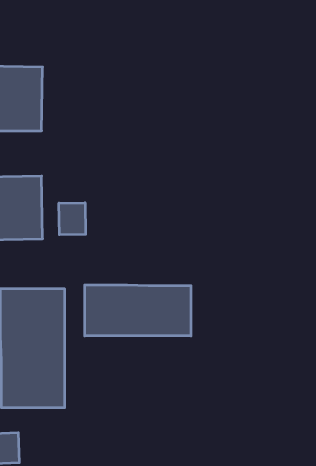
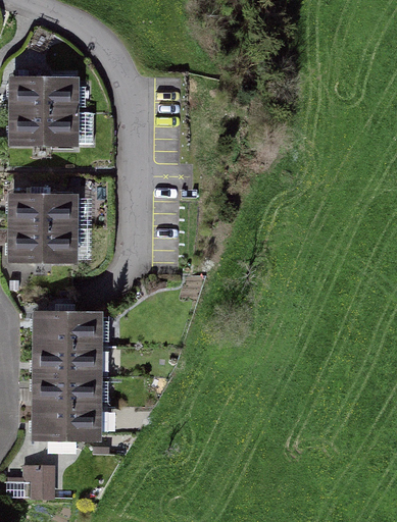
building: [59,203,86,235] -> none
building: [85,285,191,336] -> none

